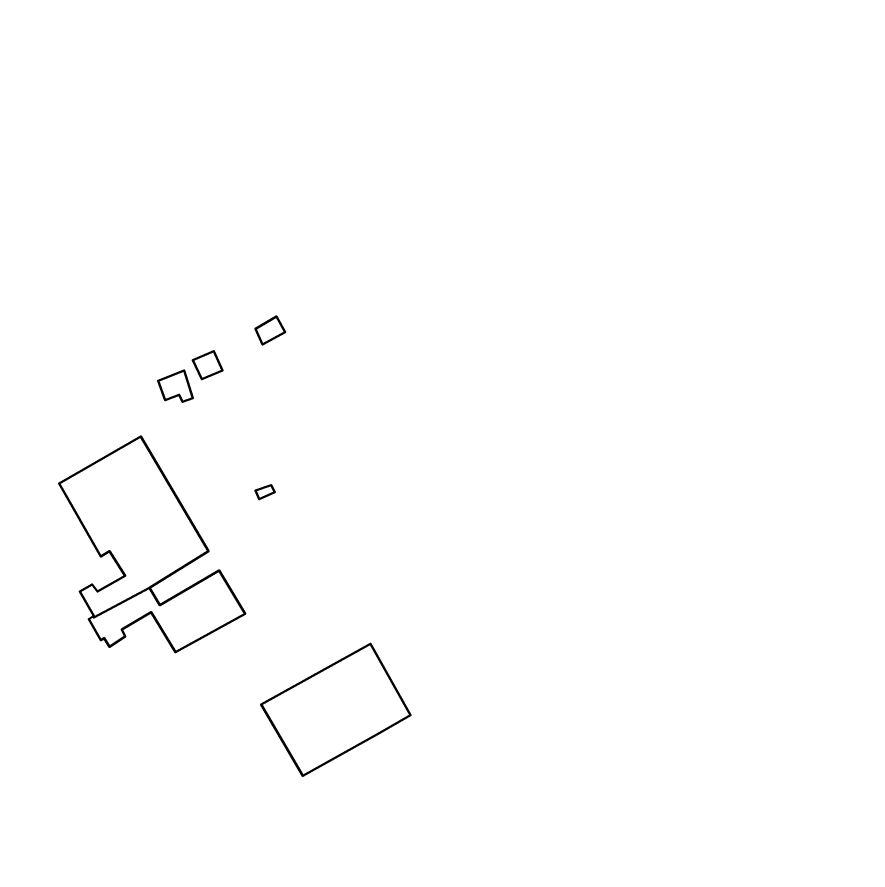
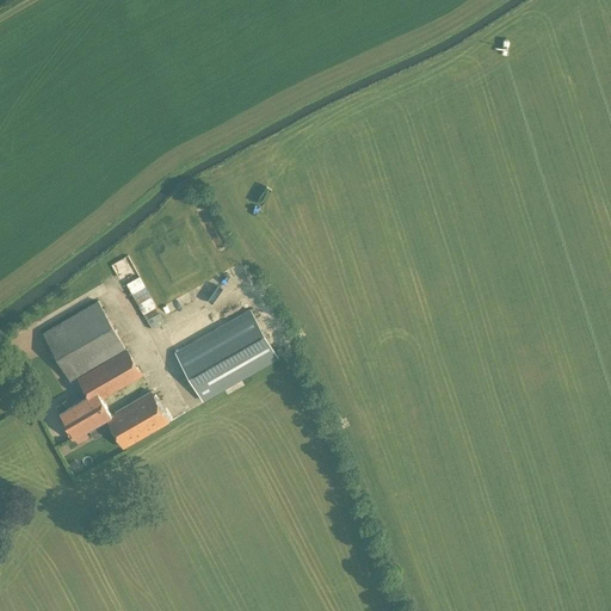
building: [261,644,411,776] -> [173,310,276,401]

